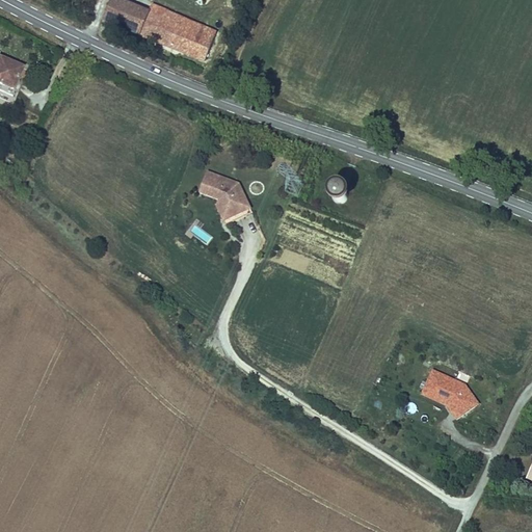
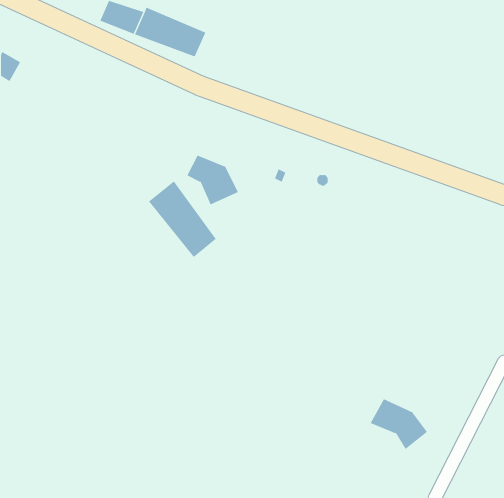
building: none -> [148,180,217,258]
building: [419,360,480,414] -> [370,398,428,450]

